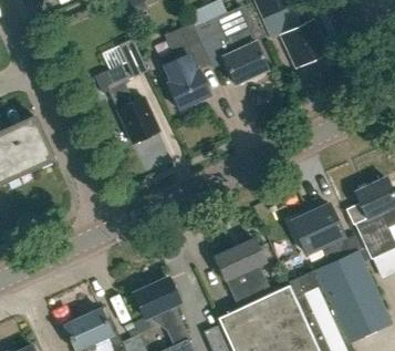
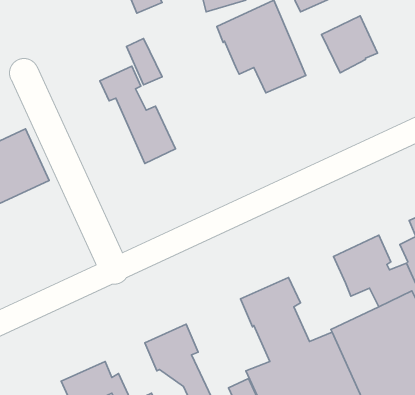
building: [156,24,210,111] -> none

